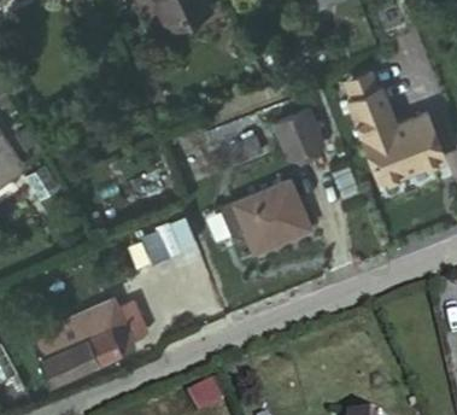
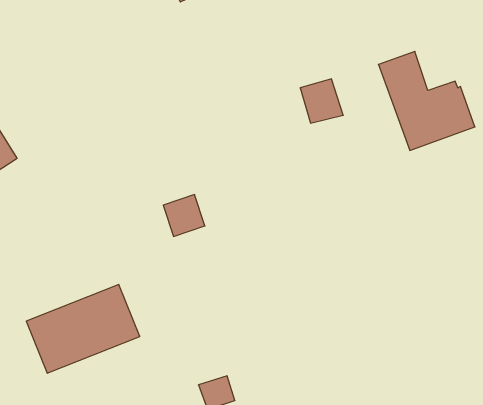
building: [224,185,304,251] -> none

